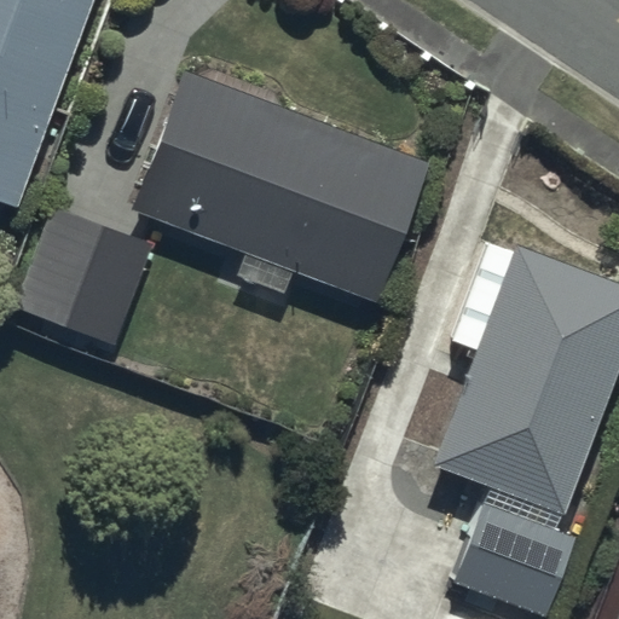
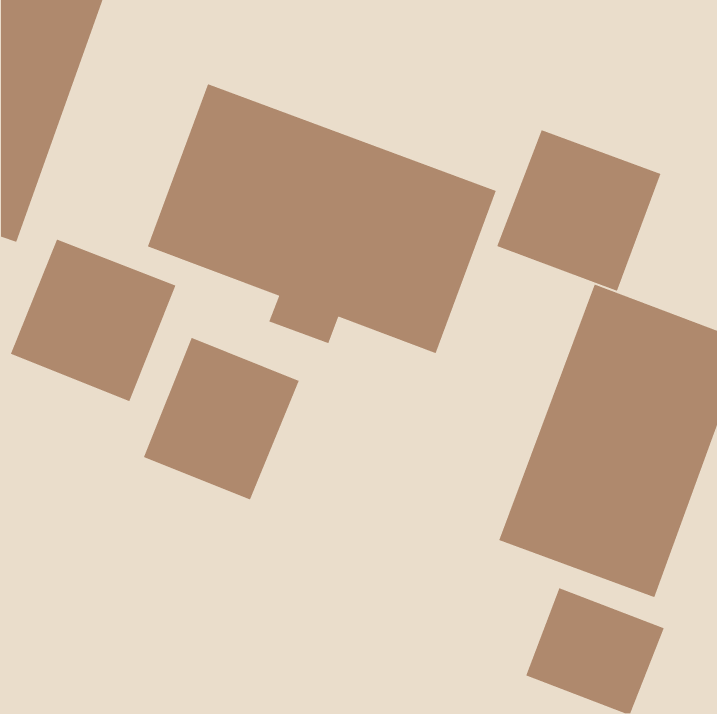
building: none -> [496,129,661,292]
building: none -> [143,337,300,500]

